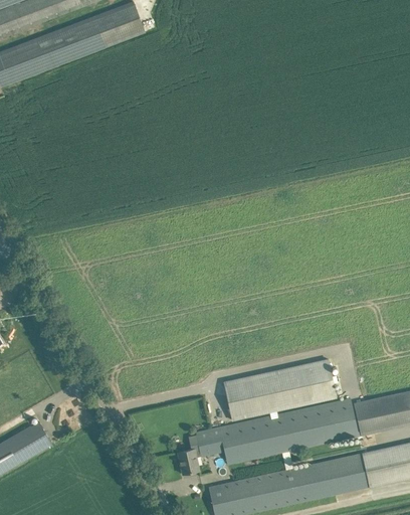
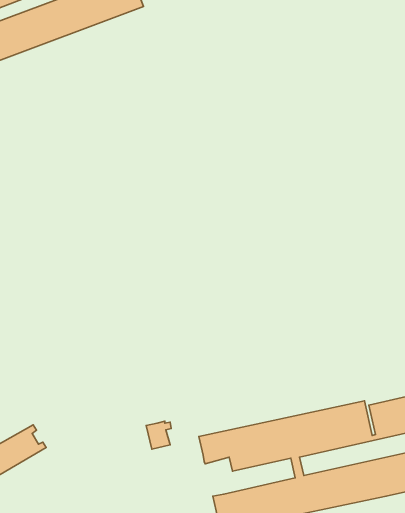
building: [221,358,337,420] -> none
building: [176,448,199,474] -> [146,421,171,449]

